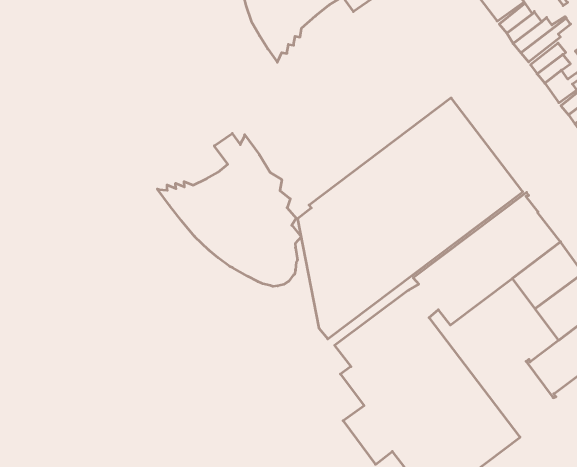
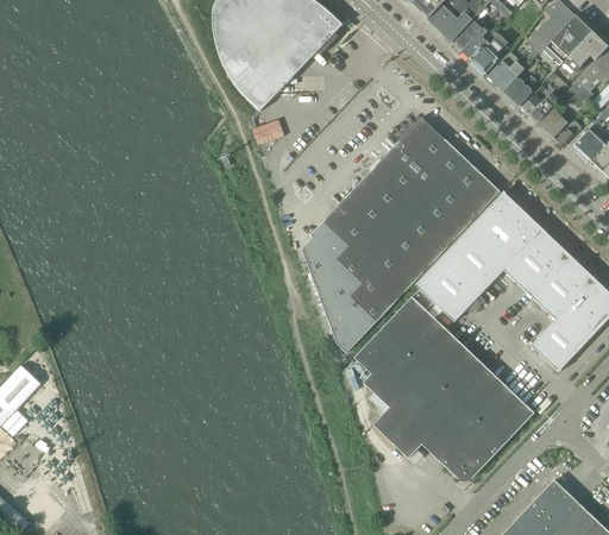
building: [157,133,301,286] -> none

